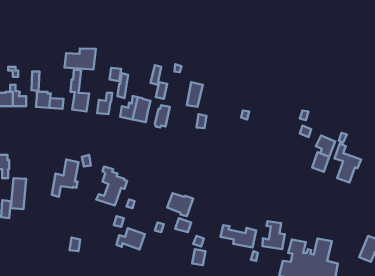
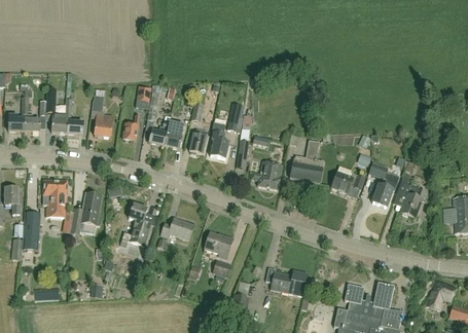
building: [65,48,96,70] -> none
building: none -> [210,122,228,159]
building: none -> [290,141,324,183]
building: none -> [251,159,282,189]
building: none -> [331,173,365,193]
building: none -> [42,180,66,217]
building: [262,221,285,249] -> none
building: [116,228,145,249] -> [160,217,193,242]

